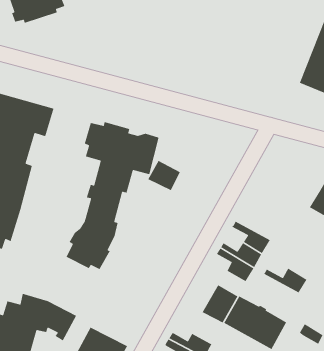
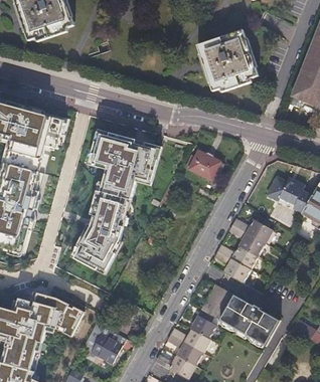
building: none -> [197,28,256,94]
building: [147,160,181,191] -> [188,150,219,179]
building: none -> [267,177,310,212]
building: [263,268,307,294] -> [231,218,273,242]
building: none -> [190,310,216,338]

